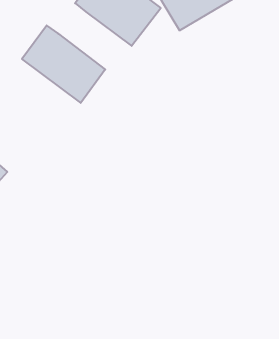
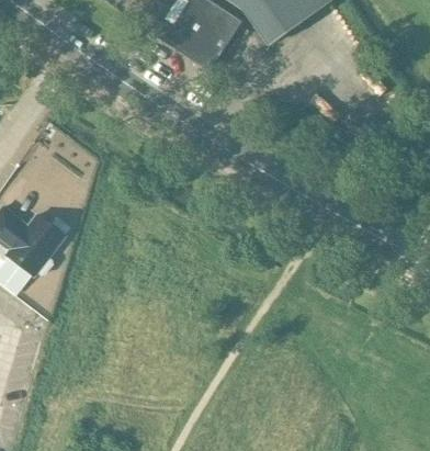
building: [22,25,105,103] -> none

